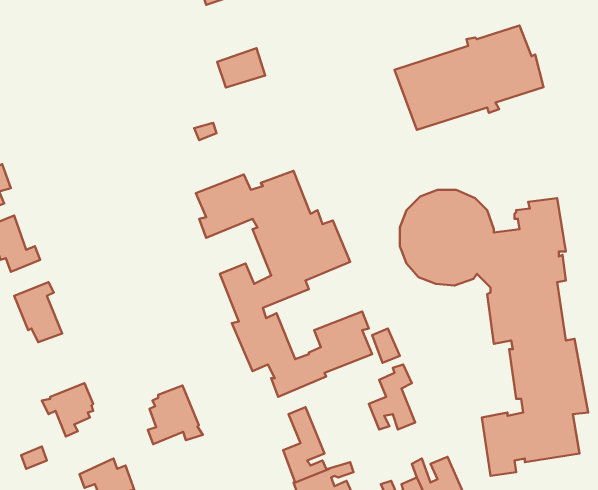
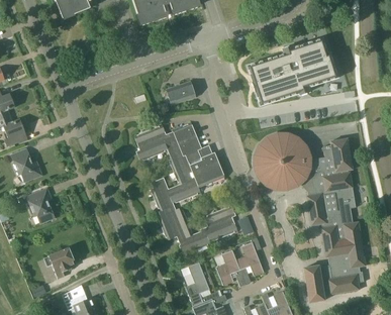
building: [217,48,265,87] -> [167,81,195,104]
building: [148,385,203,444] -> none
building: none -> [216,249,246,286]

